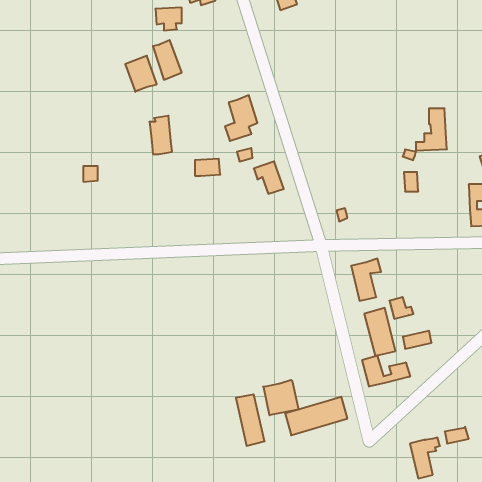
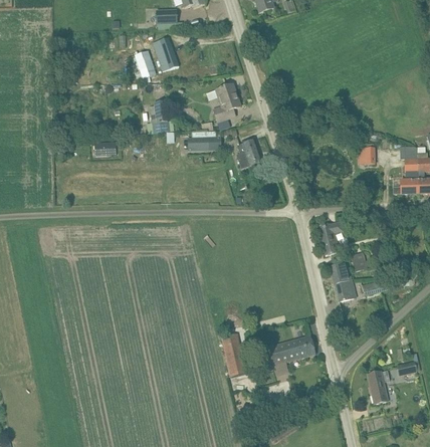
building: [416,108,447,150] -> [393,159,419,194]
building: [362,355,410,387] -> none
building: [263,380,298,415] -> none

